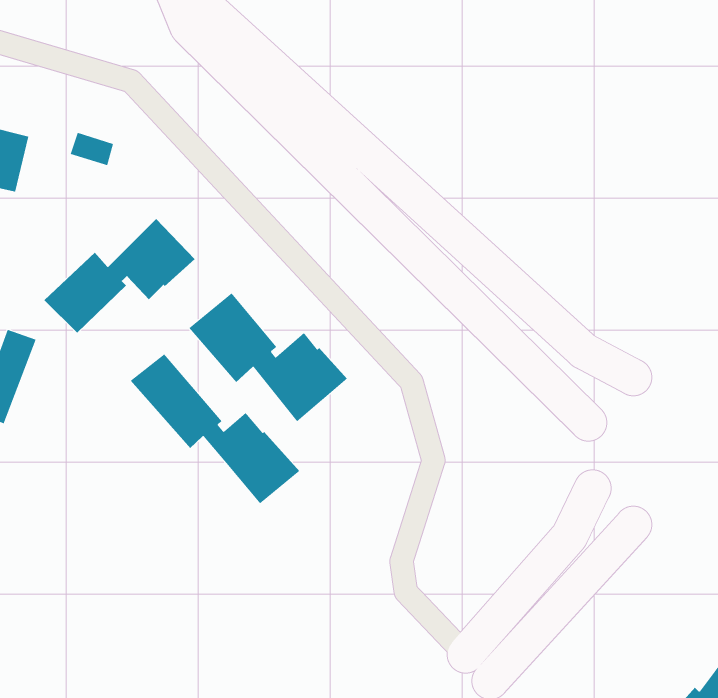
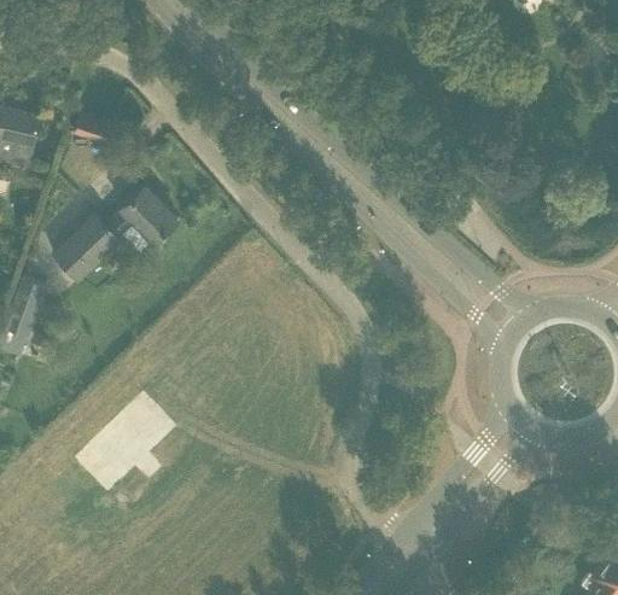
building: [189,292,348,422] -> none
building: [130,354,300,504] -> none

